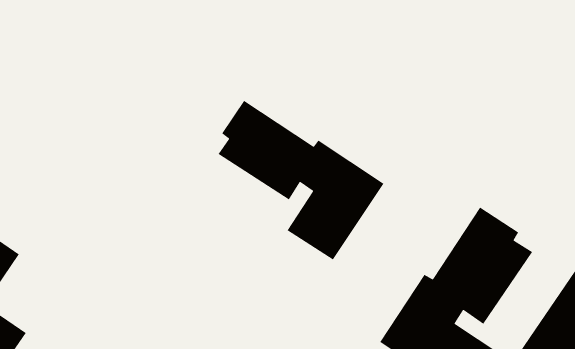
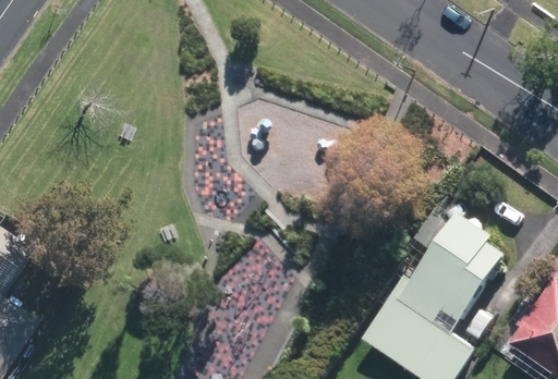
building: [217,100,384,261] -> none

